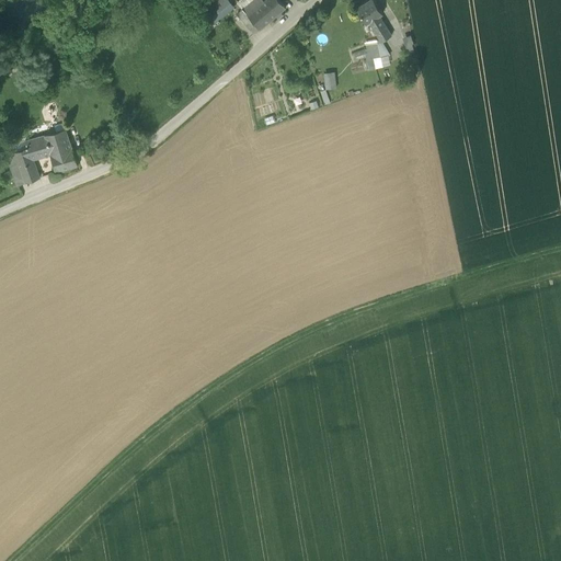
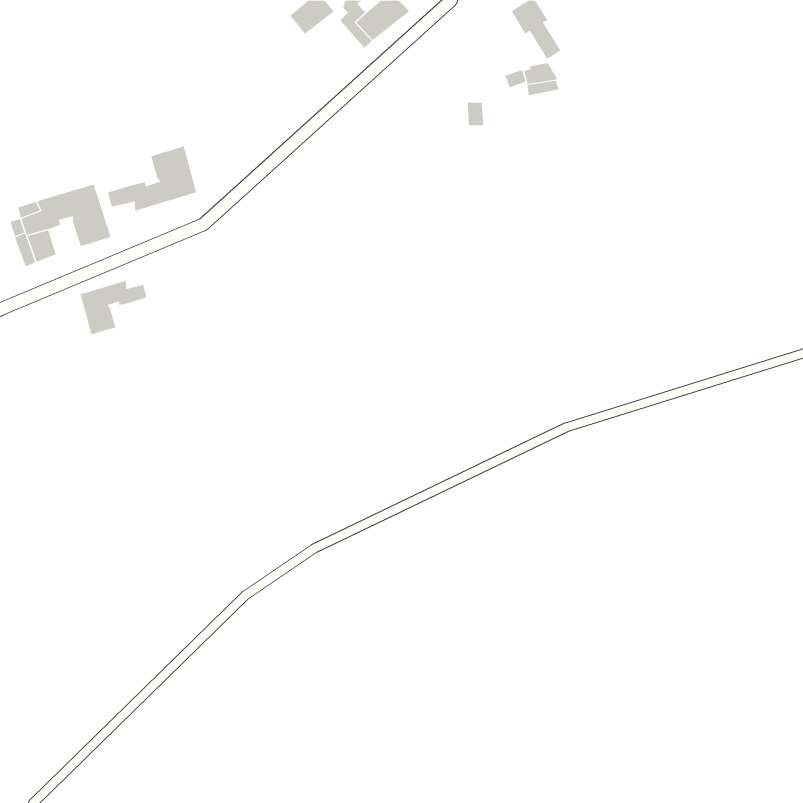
building: none -> [108,146,197,211]
building: none -> [80,280,147,335]

